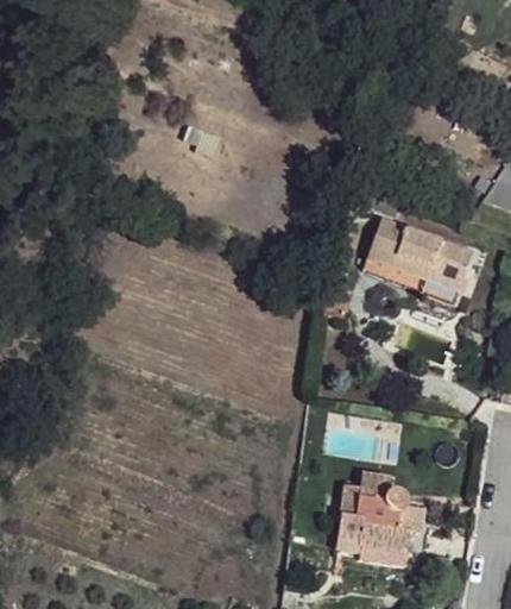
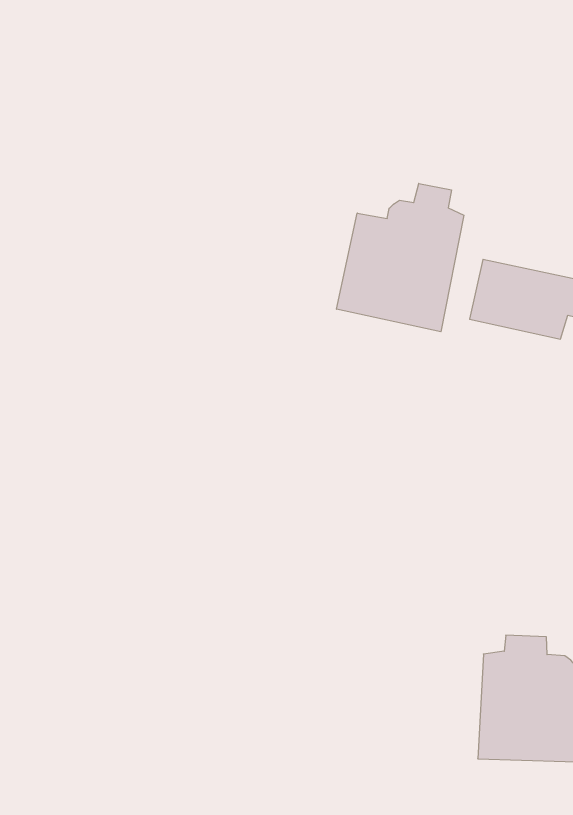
building: none -> [337,183,464,332]

